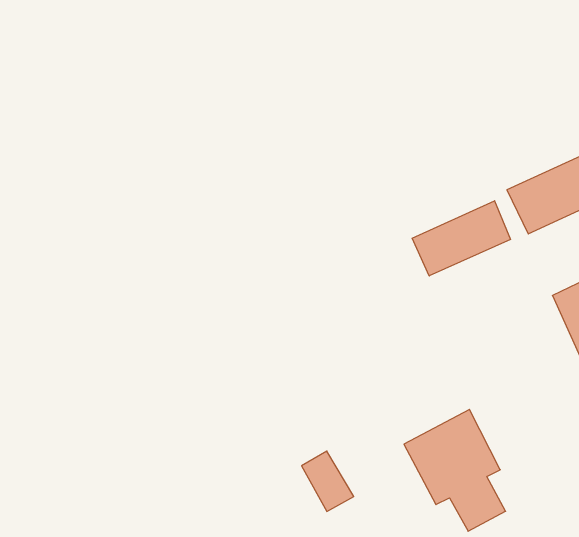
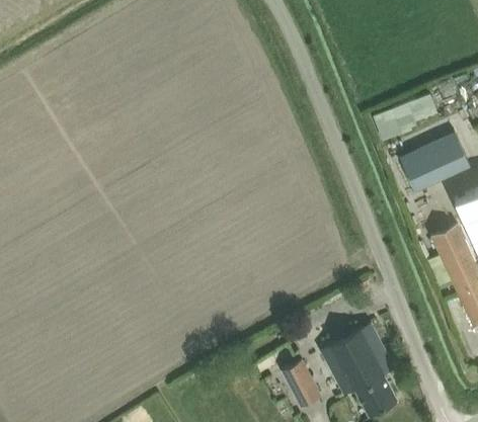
building: [412,201,511,276] -> none
building: [302,451,354,511] -> [282,361,321,407]

